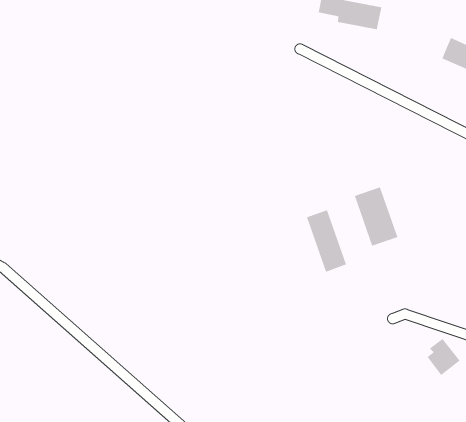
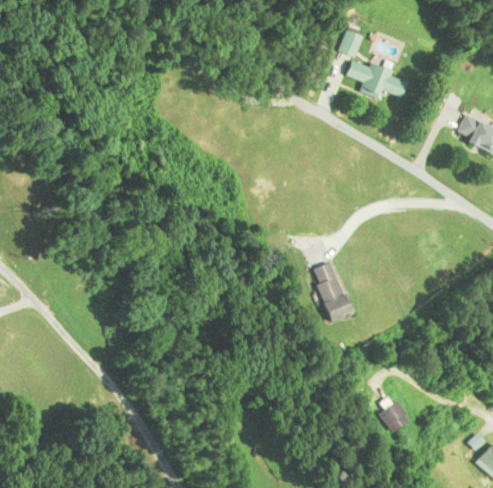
building: [354,187,398,246] -> none
building: [427,338,460,376] -> [373,397,404,432]

